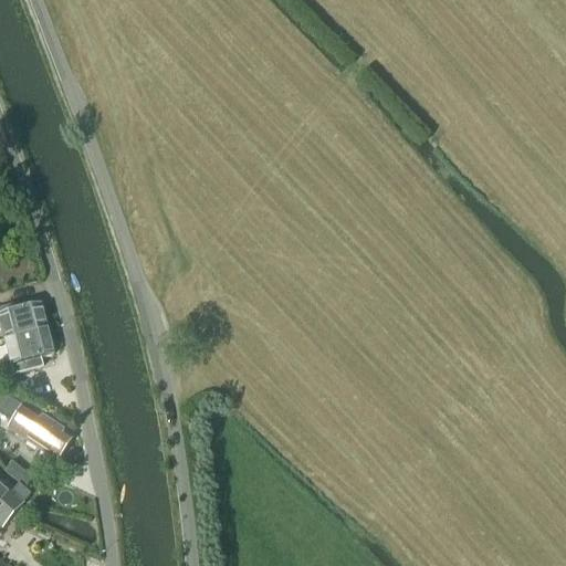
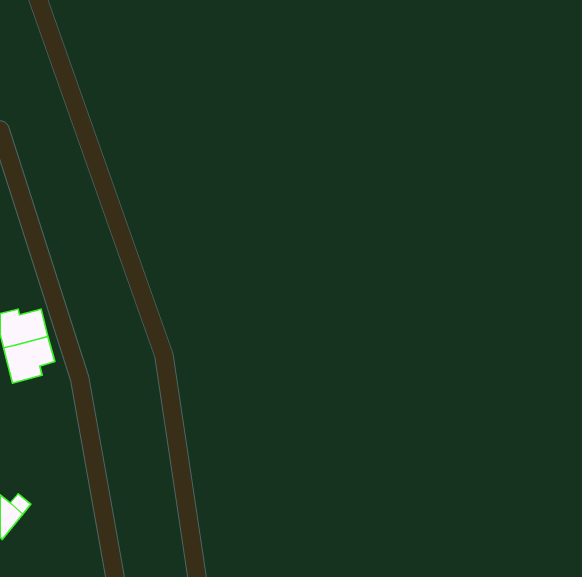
building: [8,401,71,454] -> none

